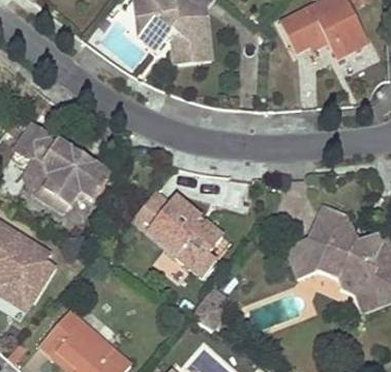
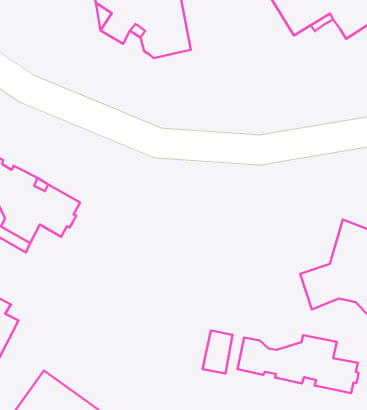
building: [131,192,219,277] -> none
building: none -> [238,335,358,393]

